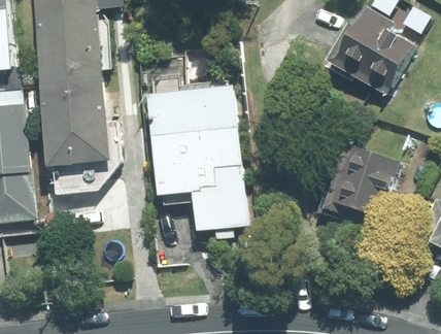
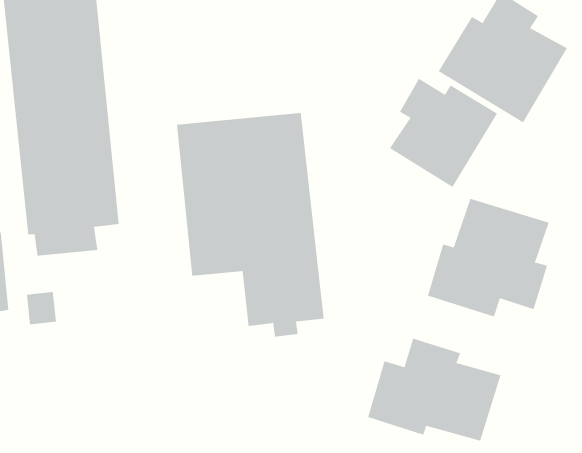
building: none -> [389,78,498,188]
building: none -> [367,338,501,442]

